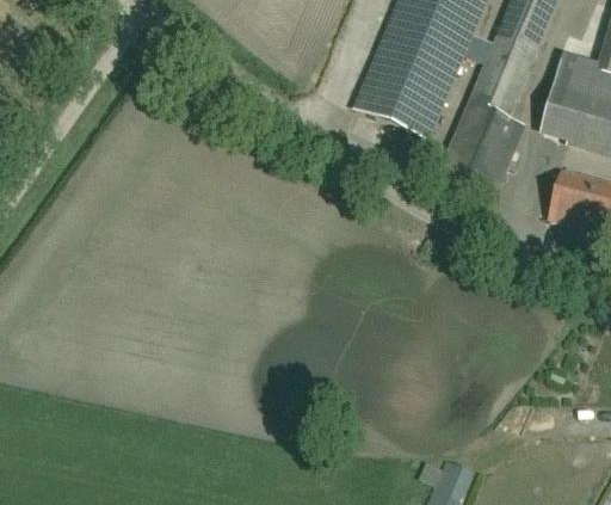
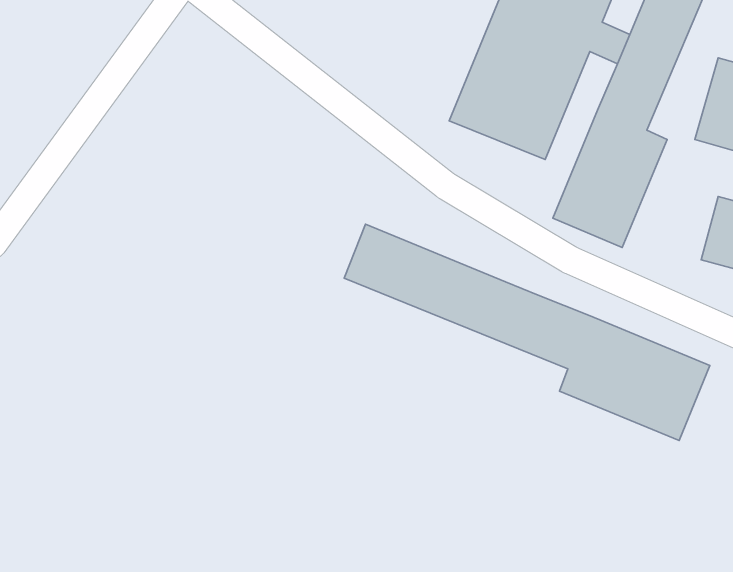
building: none -> [344,224,710,441]

